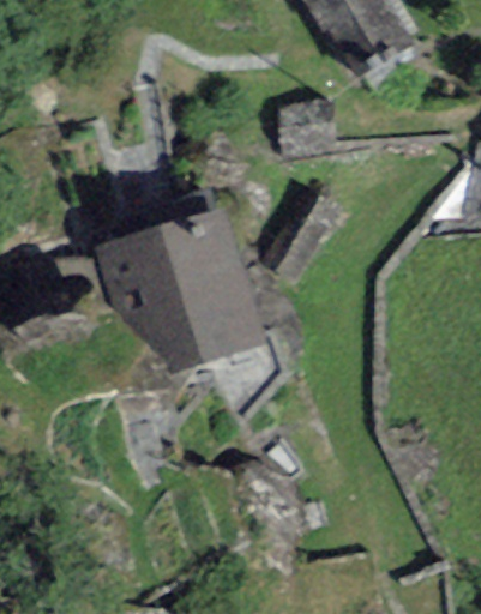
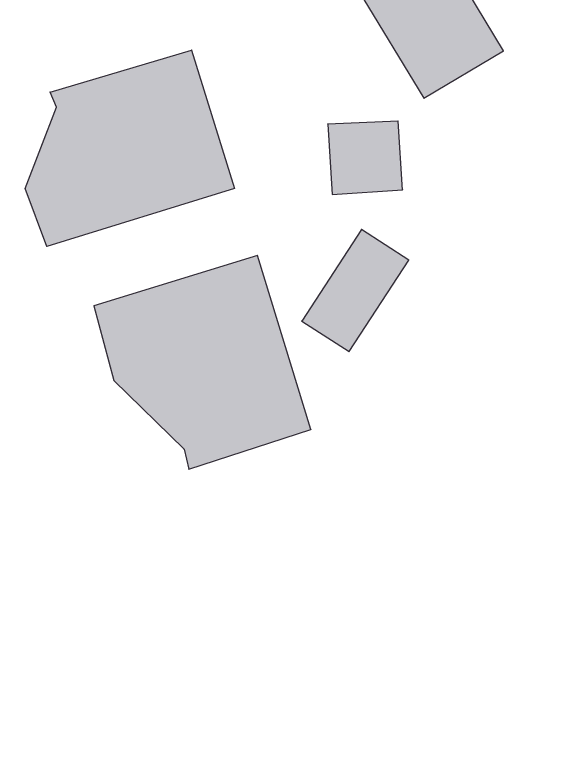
building: none -> [25,50,235,246]

